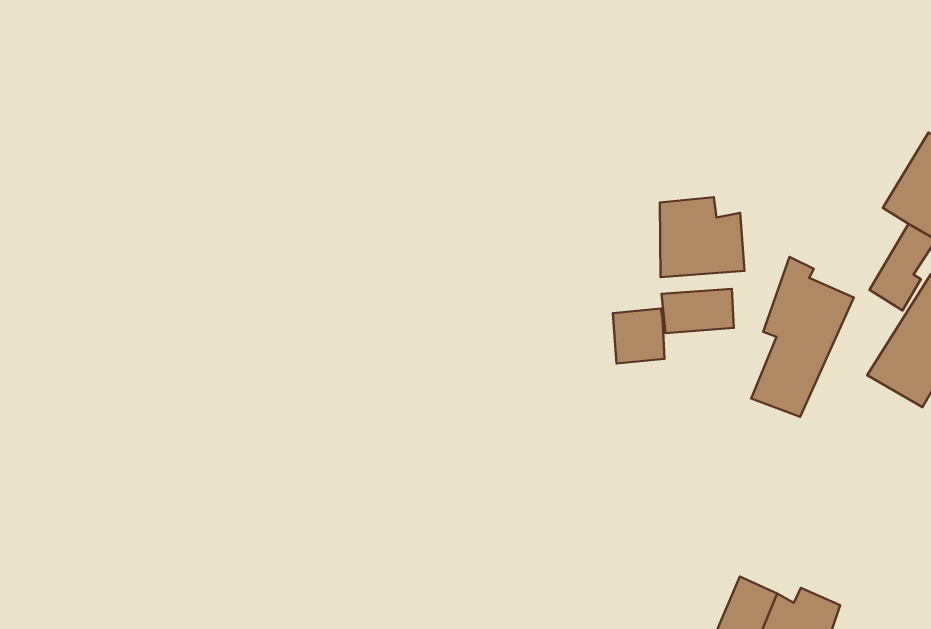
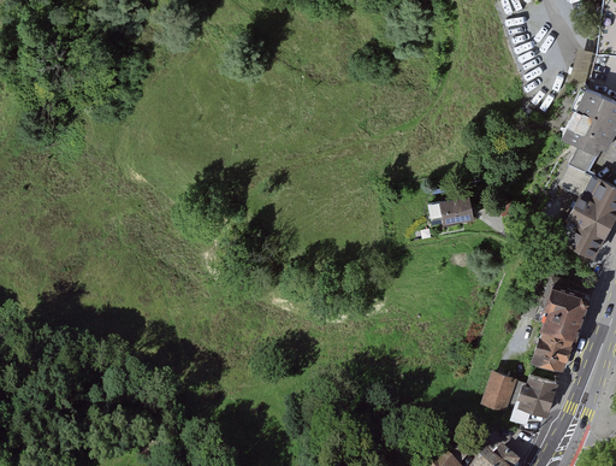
building: [660,197,745,277] -> none
building: [751,257,854,417] -> [533,272,591,371]
building: [613,309,664,363] -> none

